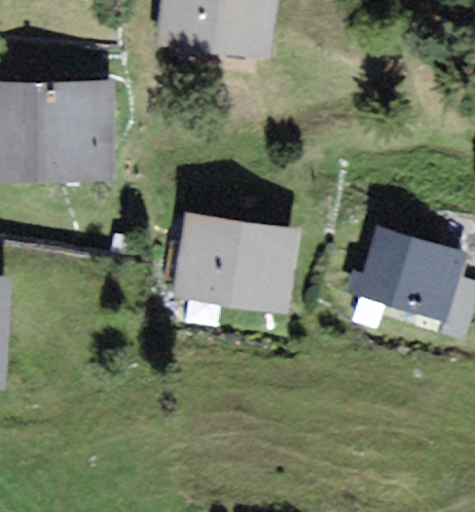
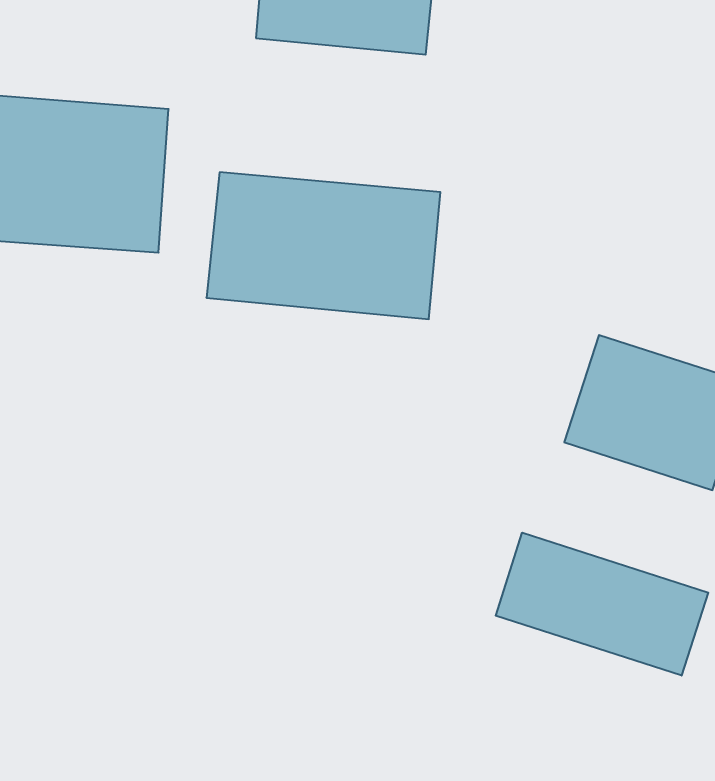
building: [170,218,316,309] -> [206,172,440,319]
building: none -> [496,533,708,676]

